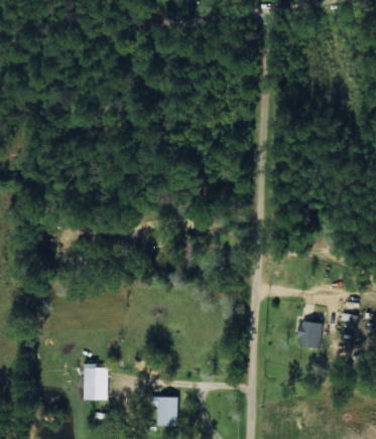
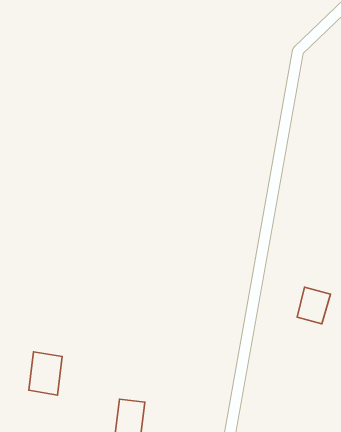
building: [298,320,324,348] -> [297,287,330,324]

